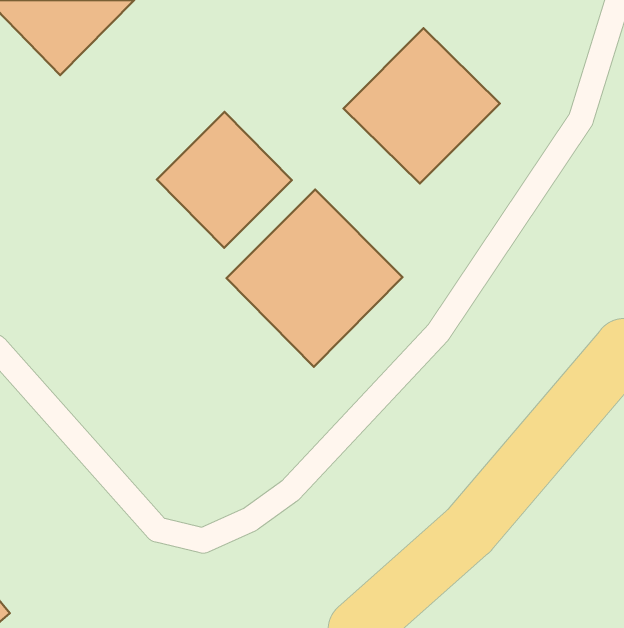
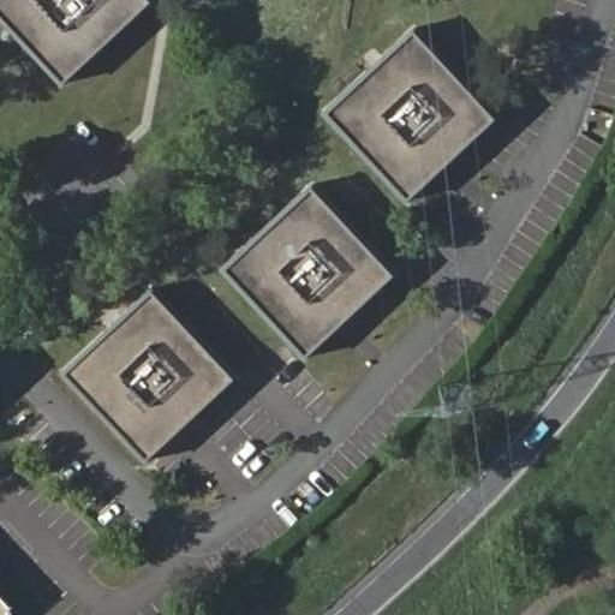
building: [157,112,292,248] -> none
building: none -> [66,295,233,462]

